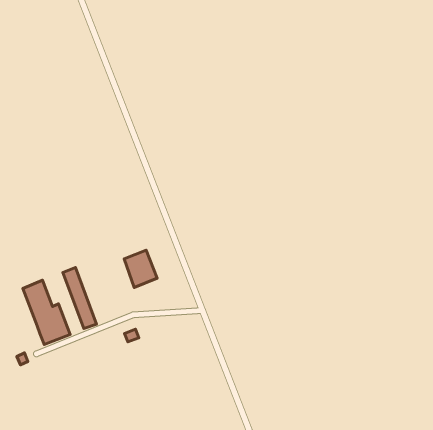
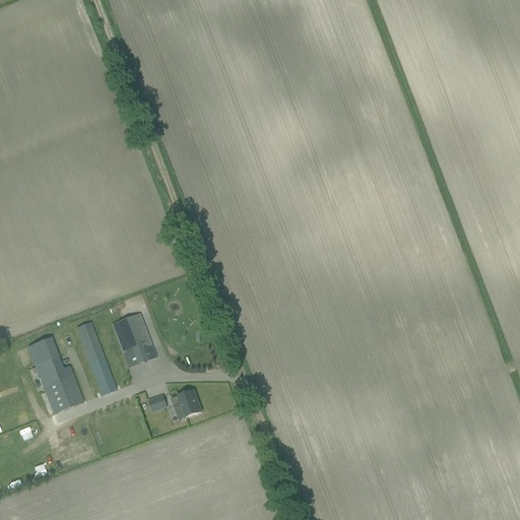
building: [124,250,157,287] -> [113,313,152,358]
building: none -> [173,390,201,418]

